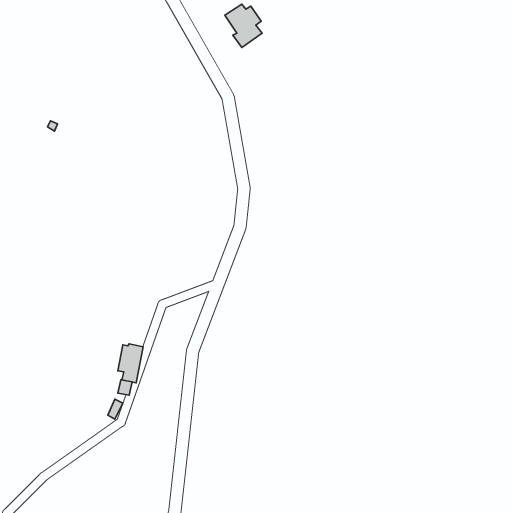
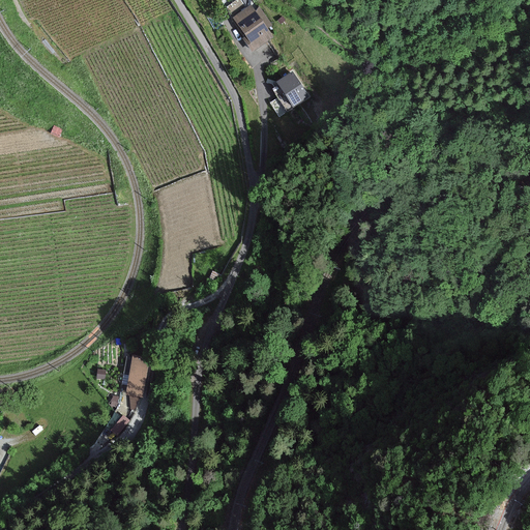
building: none -> [276,70,306,104]

